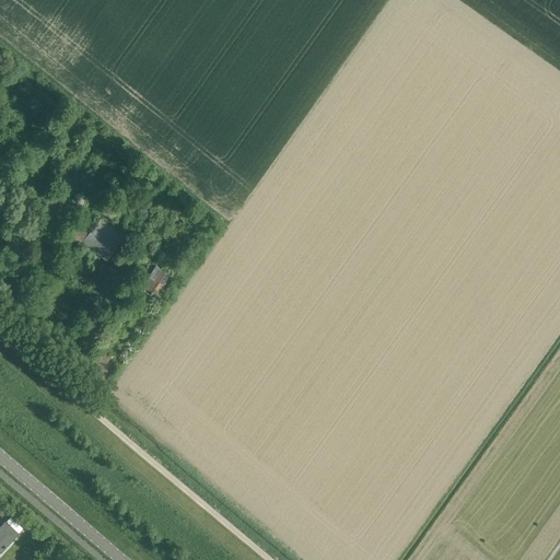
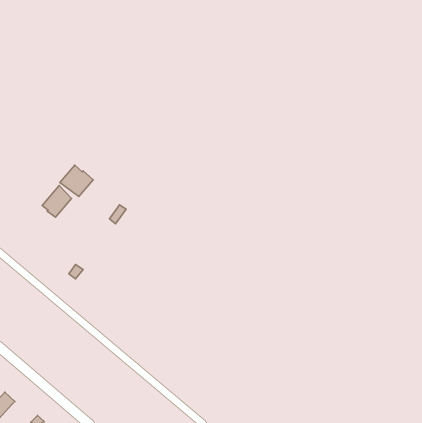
building: none -> [42,185,72,217]

